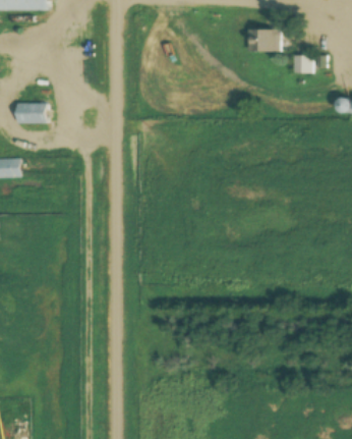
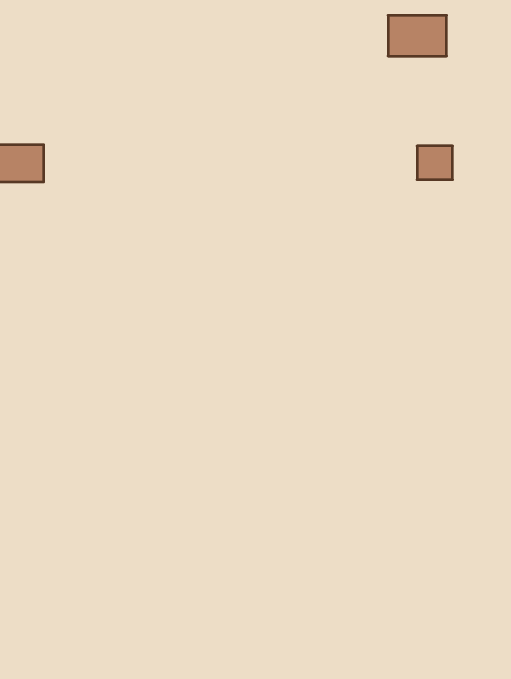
building: [291,55,311,74] -> [417,146,453,180]

